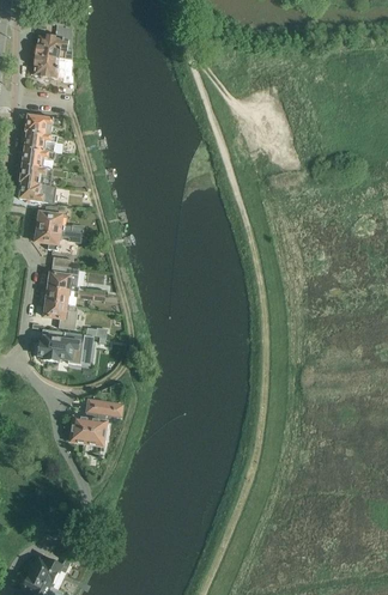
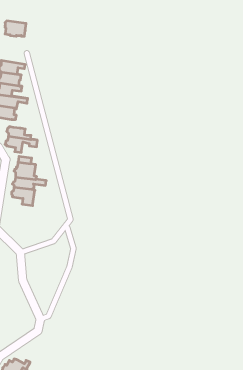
building: [34,35,72,60] -> none
building: [38,329,92,364] -> none
building: [69,399,115,444] -> none

